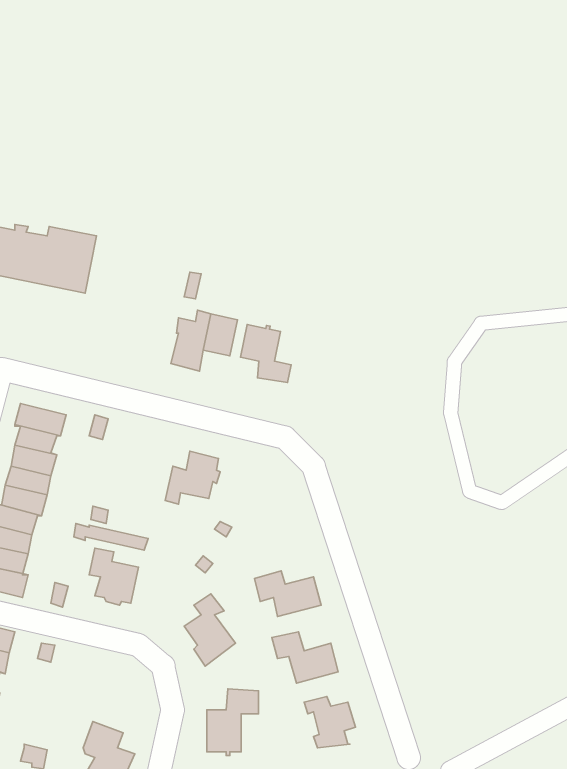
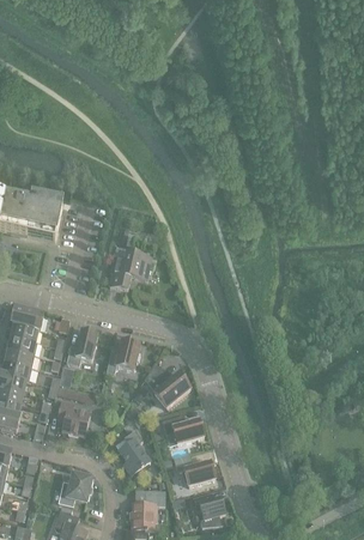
building: [240,325,291,382] -> none
building: none -> [66,329,97,364]
building: none -> [144,360,189,405]
building: none -> [57,471,91,503]

